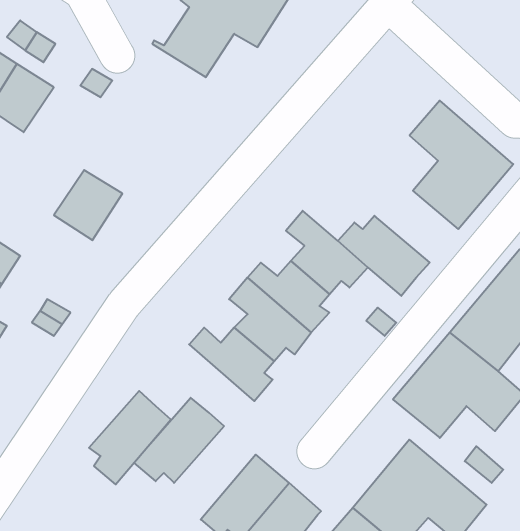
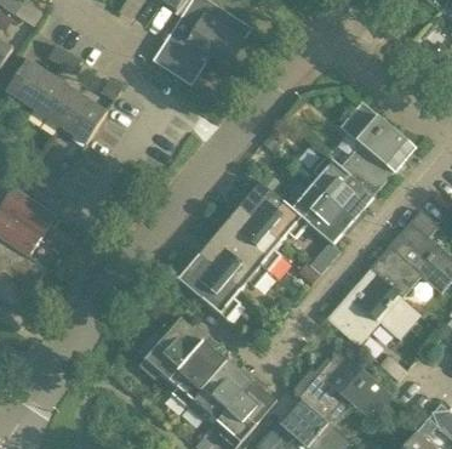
building: [54,170,122,240] -> [58,91,108,142]
building: none -> [313,155,373,218]
building: [89,391,171,484] -> [167,337,227,405]

